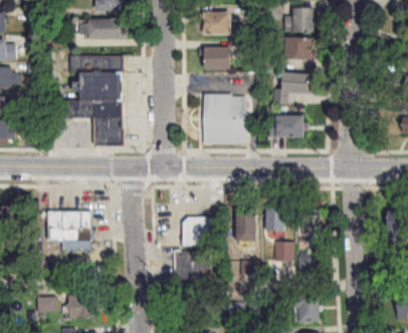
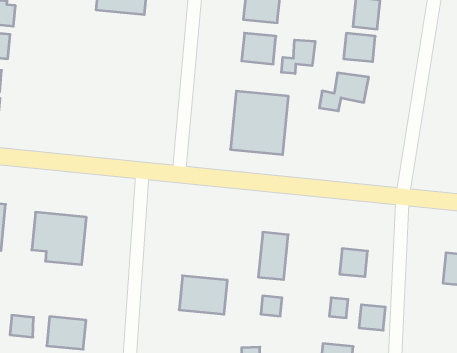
building: none -> [281,40,315,74]
building: [59,55,122,145] -> none
building: [276,114,304,136] -> none
building: [265,207,284,232] -> none
building: [182,217,212,246] -> none
building: [273,242,293,261] -> [359,305,385,330]

